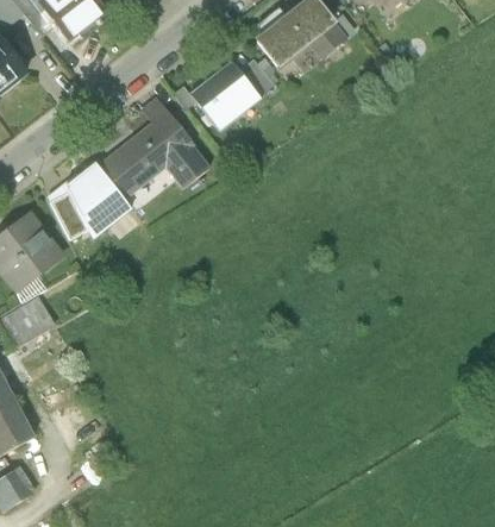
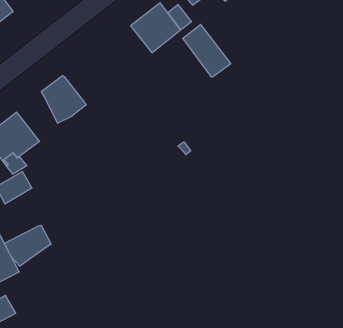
building: none -> [183,24,231,77]
building: [99,98,209,197] -> none
building: [51,190,88,238] -> none
building: none -> [5,225,51,266]

